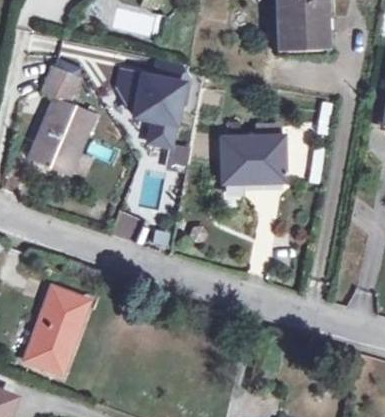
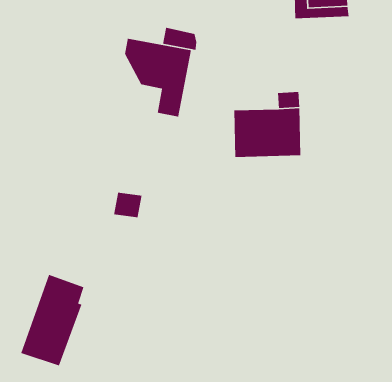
building: [29,65,94,176] -> none

